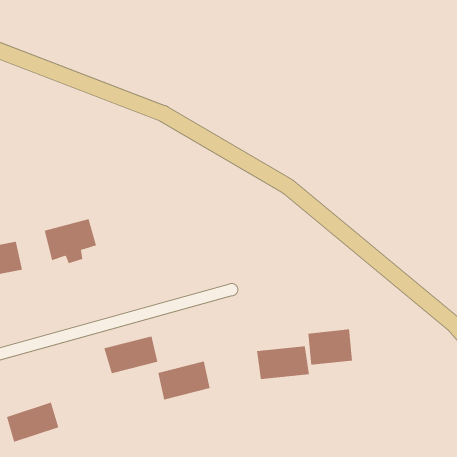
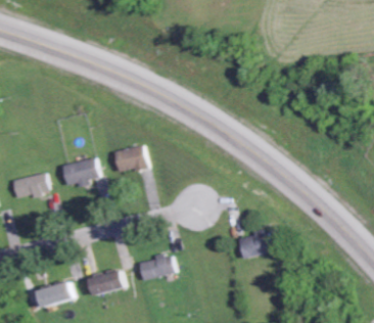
building: none -> [112,144,146,172]
building: [104,336,158,374] -> [87,270,124,295]
building: [257,345,309,380] -> none

